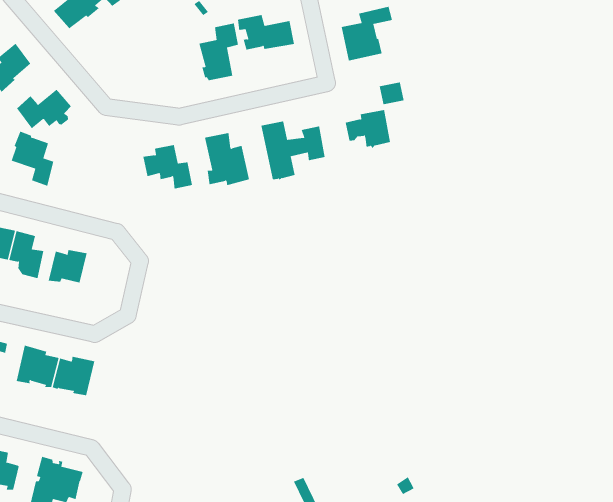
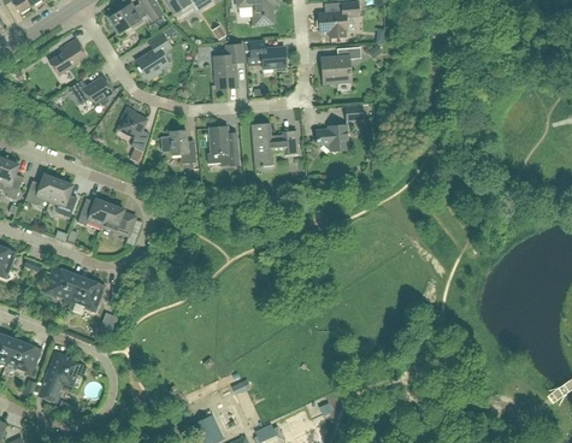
building: none -> [135,33,170,79]
building: [11,131,54,186] -> [117,106,149,150]
building: none -> [101,202,135,235]

